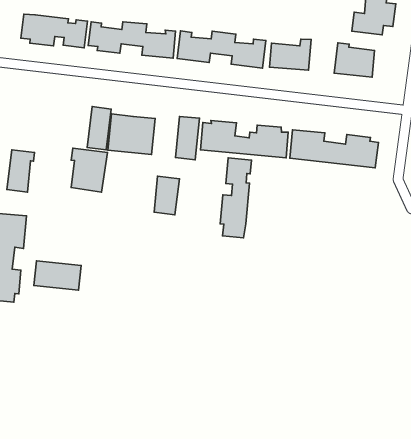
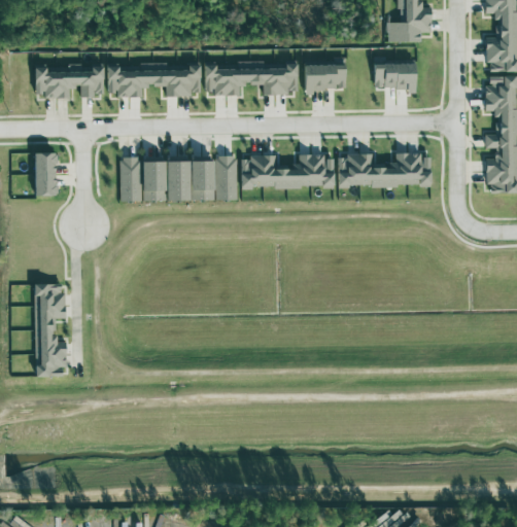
building: [71,148,107,192] -> none
building: [7,150,34,192] -> [34,152,59,196]
building: [220,158,251,238] -> none
building: [154,176,179,215] -> [191,161,214,200]
building: [34,261,81,290] -> none

